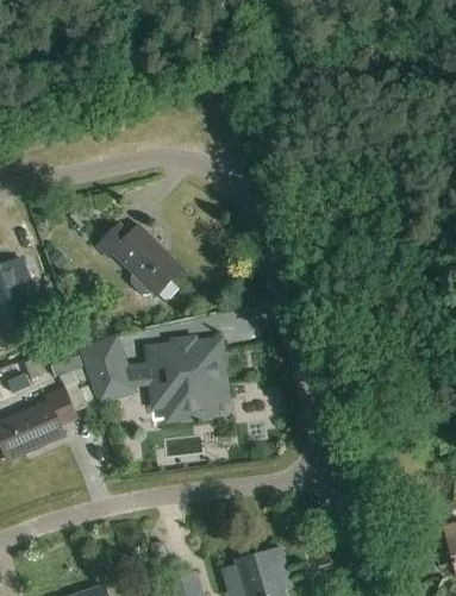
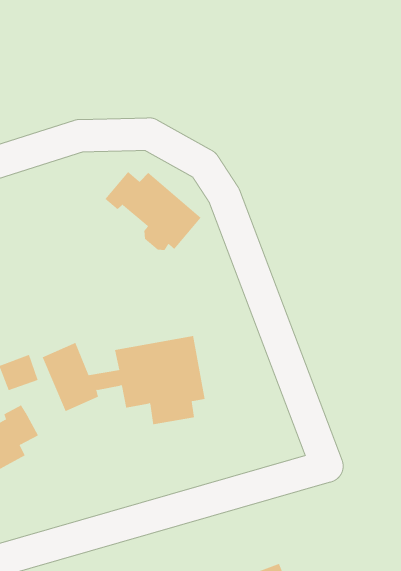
building: [98,221,182,294] -> [104,171,202,250]

